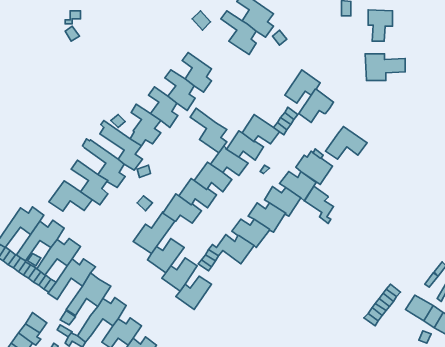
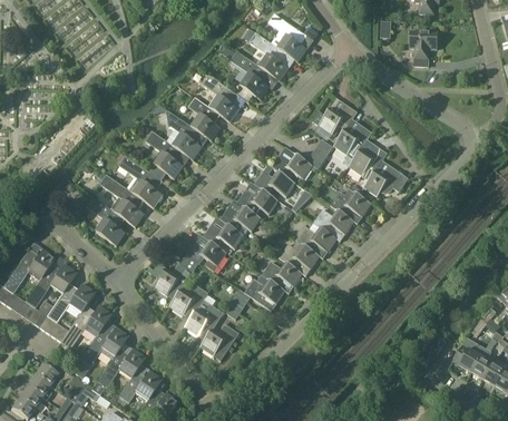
building: [365,54,405,81] -> none
building: [190,108,227,153] -> [231,50,271,99]
building: none -> [350,139,389,175]
building: [49,181,92,211] -> none
building: [304,186,334,224] -> none

